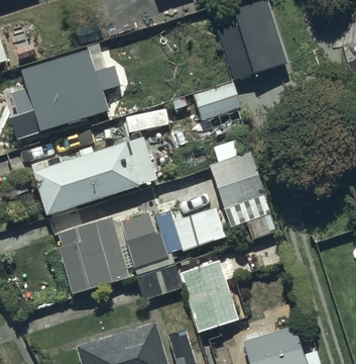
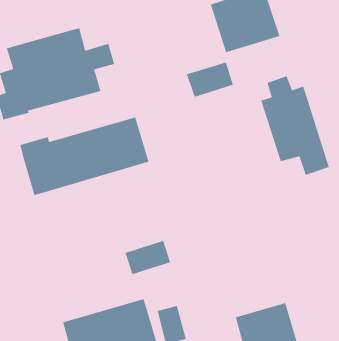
building: [208,134,275,233] -> [260,75,330,176]
building: [119,198,225,268] -> none
building: [56,210,125,285] -> none
building: [180,256,236,325] -> none

